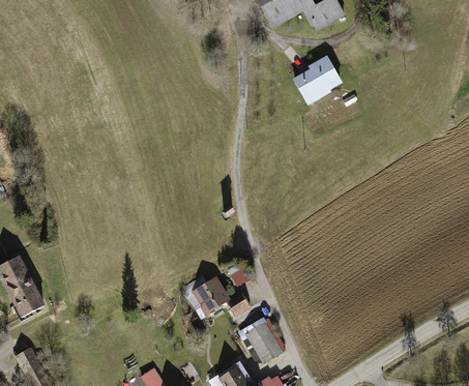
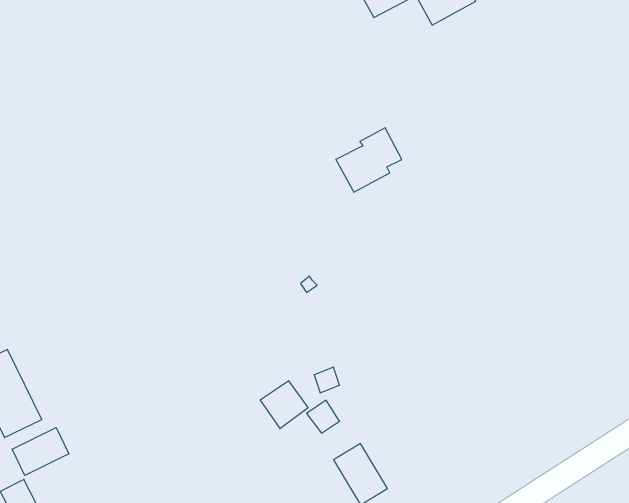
building: [293,58,339,102] -> [336,128,402,192]
building: none -> [12,428,69,475]

